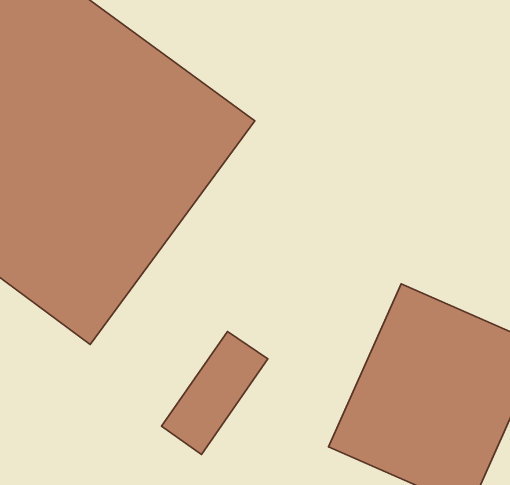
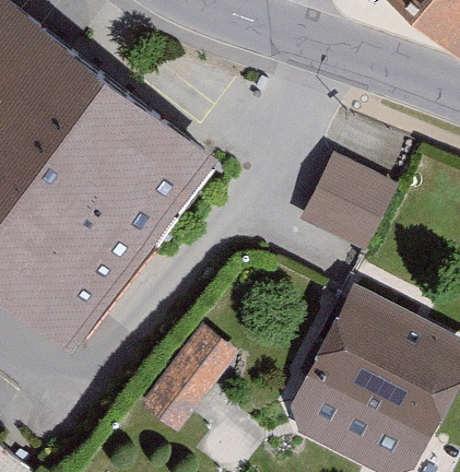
building: none -> [295,162,393,259]

